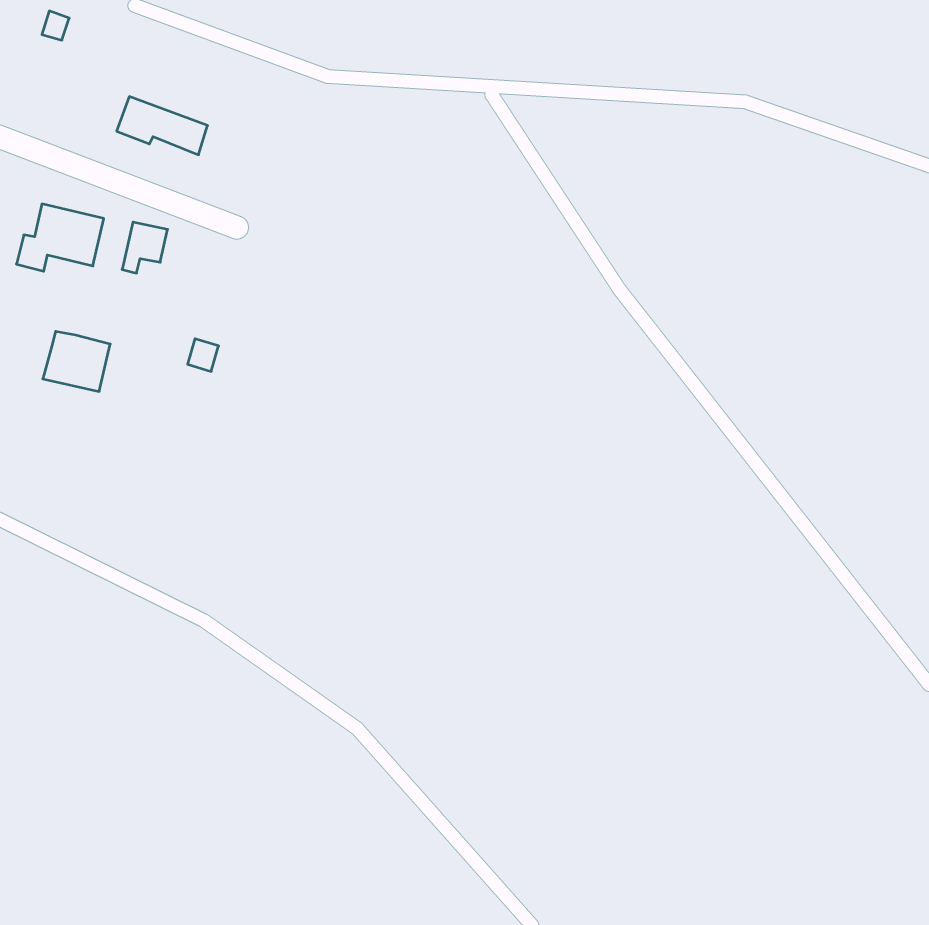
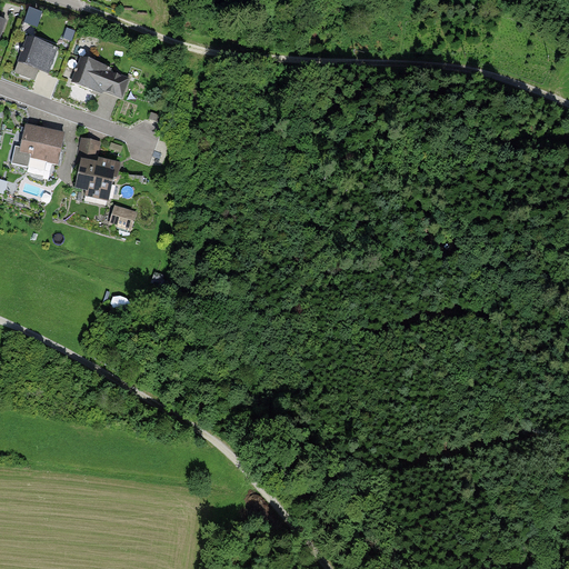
building: none -> [14,40,56,78]
building: [43,331,110,391] -> [78,158,119,194]

